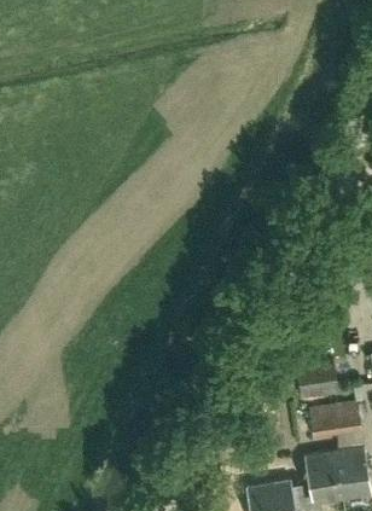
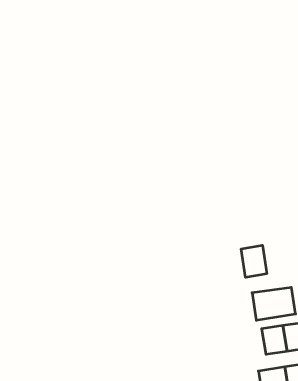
building: none -> [241,245,267,277]

